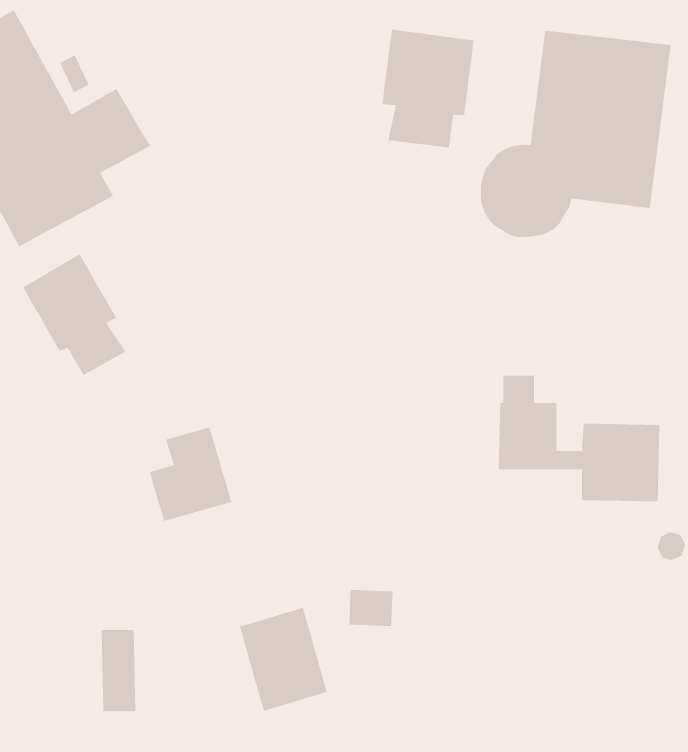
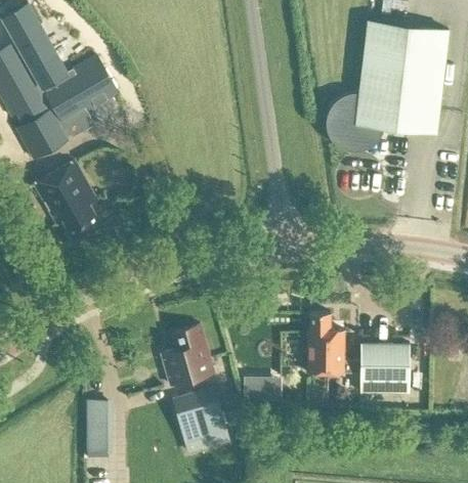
building: [382,29,474,148] -> none
building: [498,375,660,502] -> [307,313,411,394]
building: [149,427,233,521] -> [162,325,215,386]

